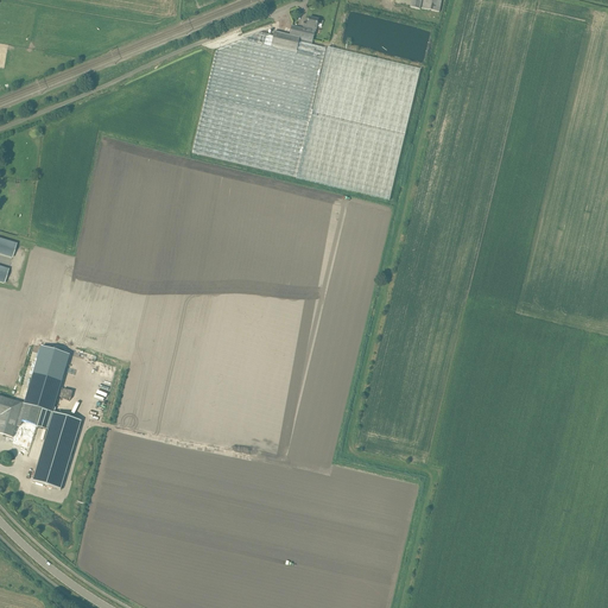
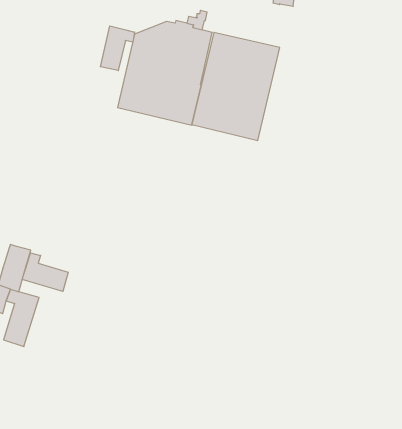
building: none -> [100,26,135,71]
building: none -> [22,253,68,291]

